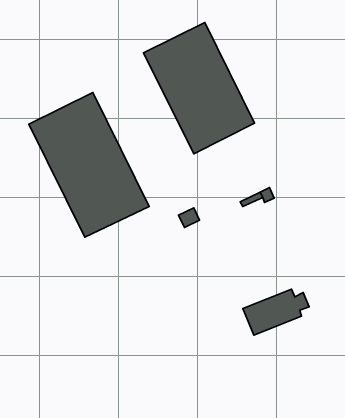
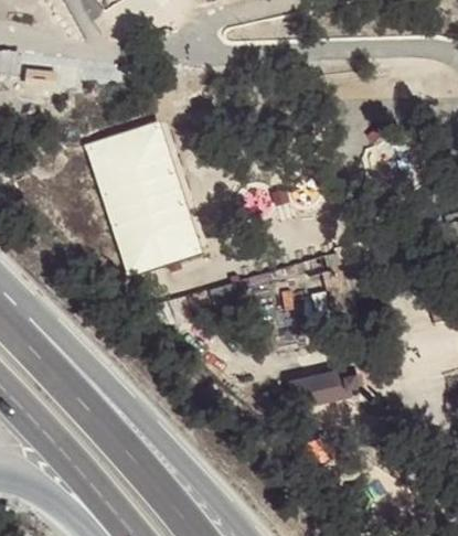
building: [143,23,254,154] -> none

